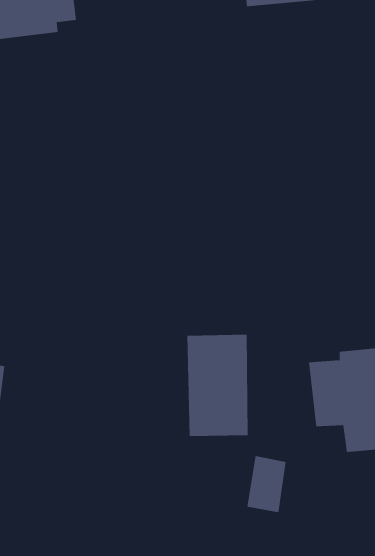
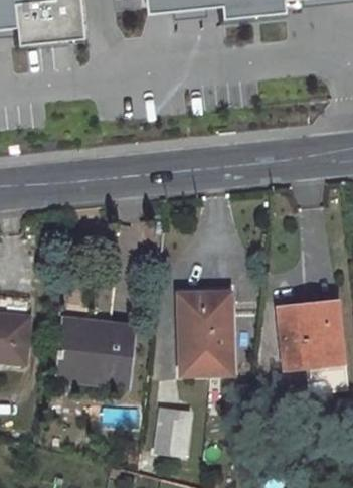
building: none -> [57,324,133,383]
building: [246,456,287,513] -> [154,406,187,454]

